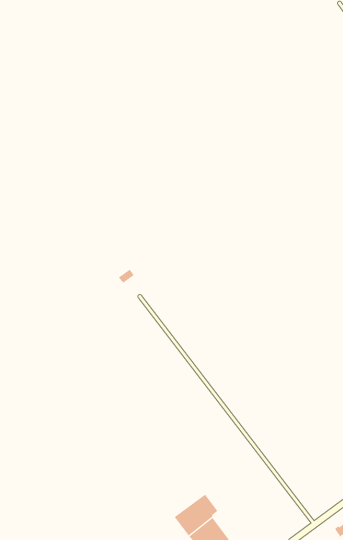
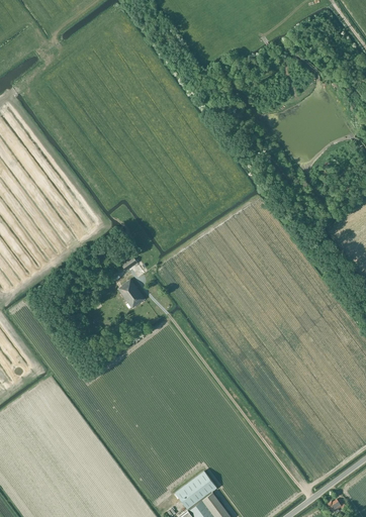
building: none -> [117,279,145,309]

